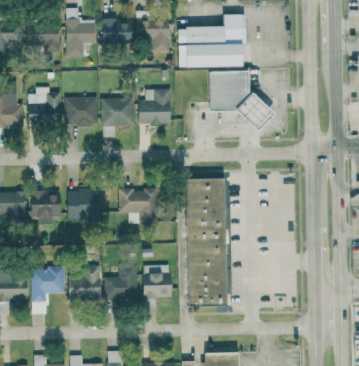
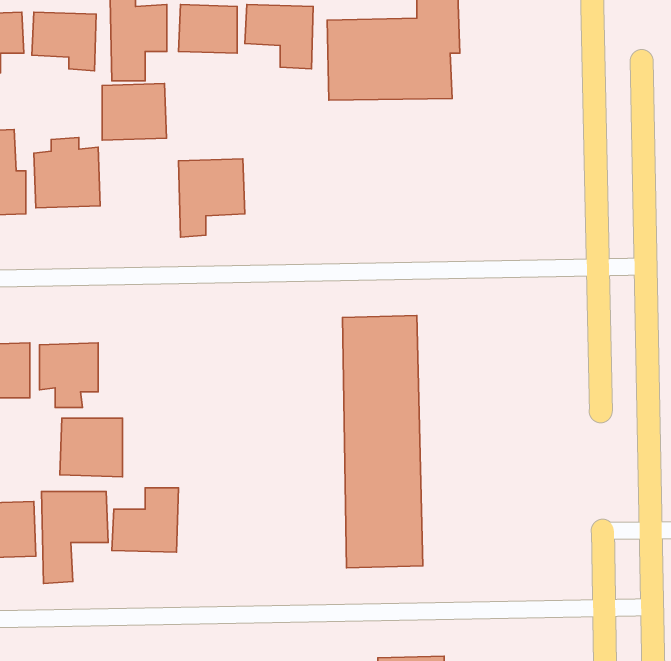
building: [208,70,274,131] -> none
building: [138,88,171,124] -> none
building: [65,96,98,125] -> [102,83,167,140]
building: [119,187,158,223] -> none
building: [67,189,99,219] -> [60,418,122,477]
building: [104,264,138,301] -> none
building: [142,264,171,298] -> none

